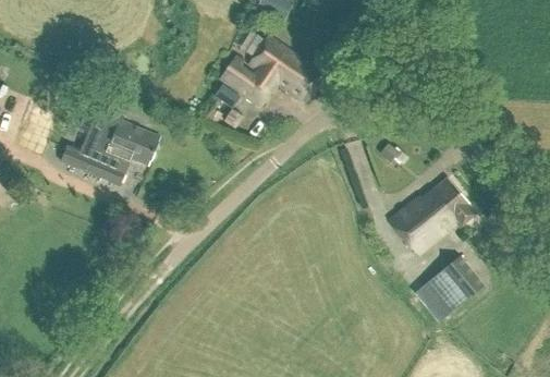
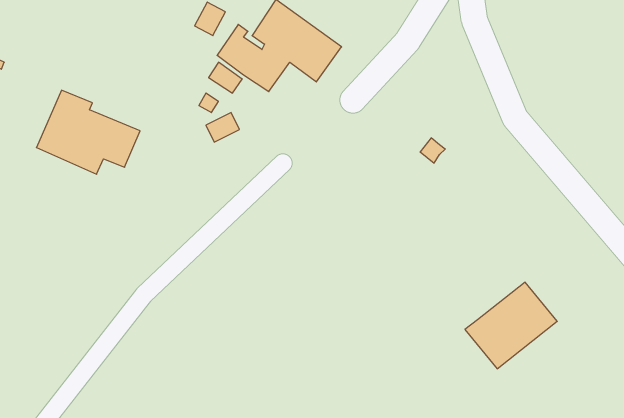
building: [61,145,126,186] -> none
building: [390,177,474,252] -> none

